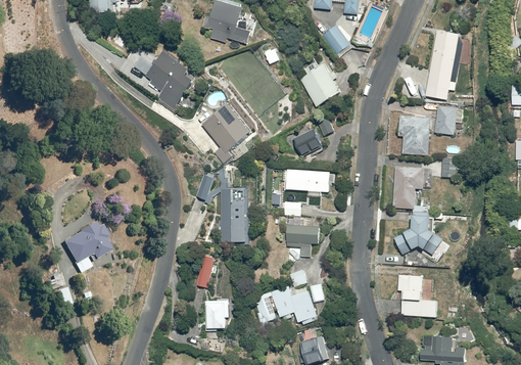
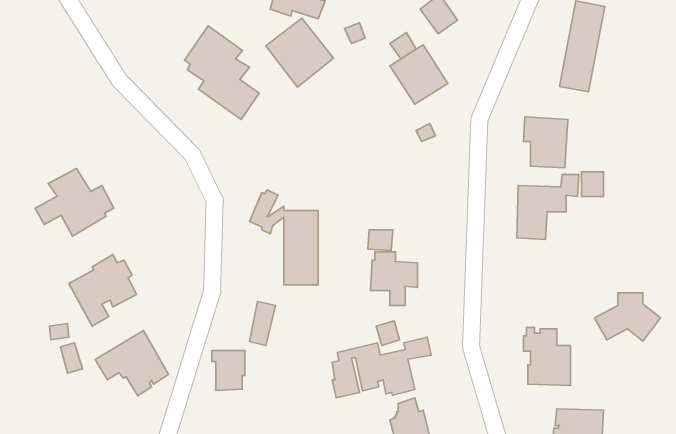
building: [202,102,252,153] -> [266,18,333,87]
building: [434,105,457,135] -> none
building: [294,128,323,154] -> none
building: none -> [35,168,114,236]
building: [286,168,335,196] -> none
building: [394,219,443,255] -> [595,293,661,341]
building: none -> [95,331,169,396]
building: [204,299,229,328] -> [212,351,245,391]

